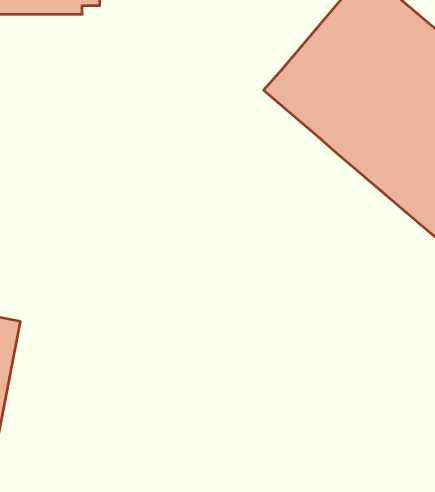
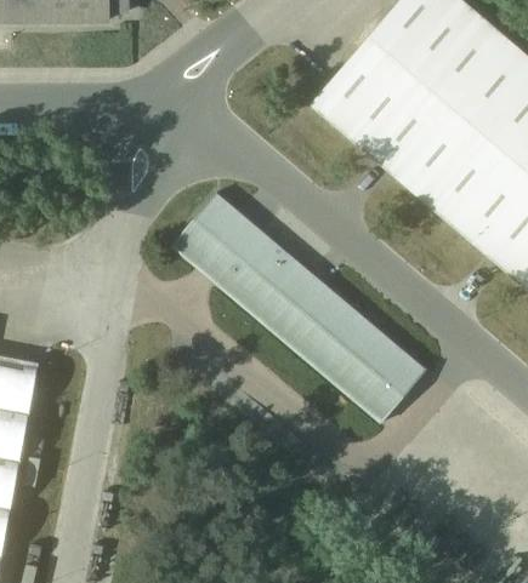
building: none -> [170,192,425,422]

